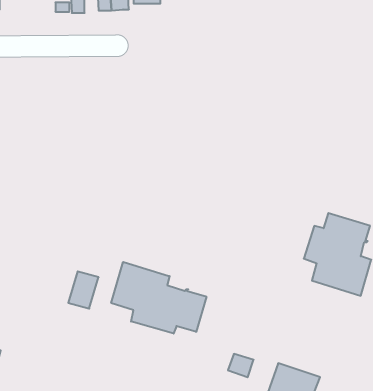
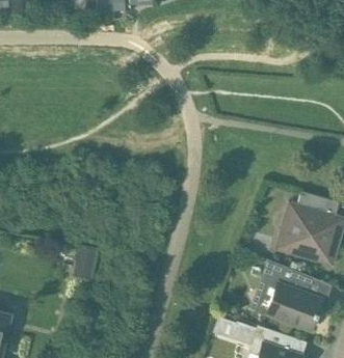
building: [111,262,206,334] -> none
building: none -> [264,260,321,329]

